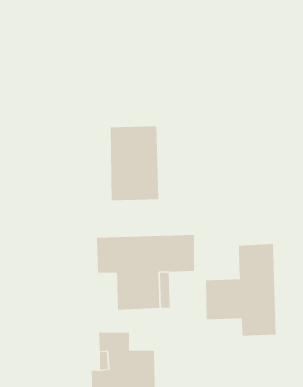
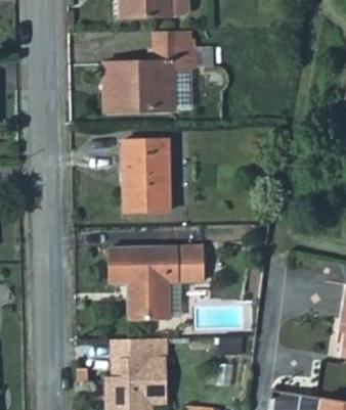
building: none -> [103,46,194,109]
building: [206,243,276,336] -> none

